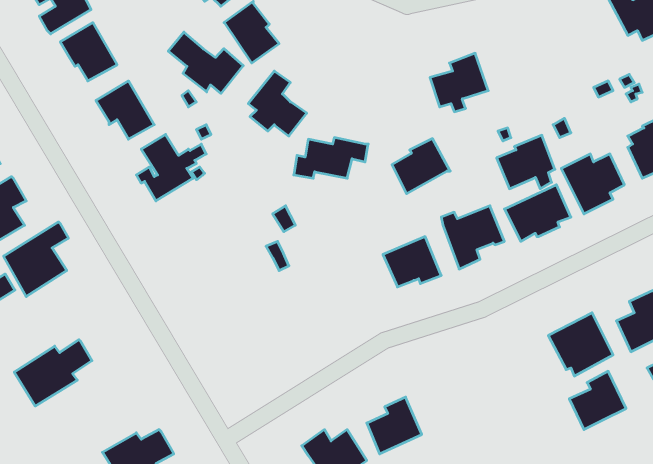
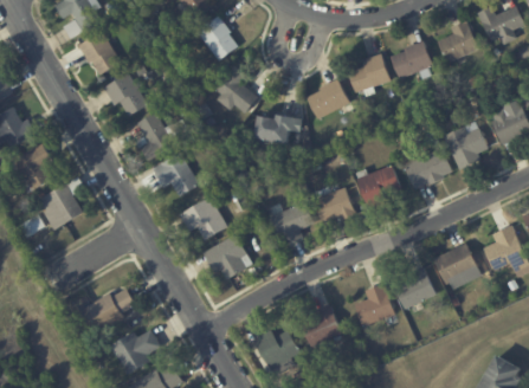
building: none -> [437,20,478,63]
building: [168,32,243,93] -> none
building: [497,135,555,189] -> [389,40,432,79]
building: [392,139,450,194] -> [307,79,349,119]
building: none -> [150,151,198,196]
building: none -> [178,194,226,241]
building: none -> [270,201,314,246]
building: none -> [202,234,246,282]
building: [14,340,92,406] -> [78,286,135,335]
building: none -> [354,284,394,326]
building: [569,371,626,430] -> [394,267,436,310]

